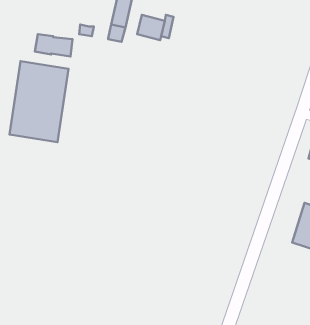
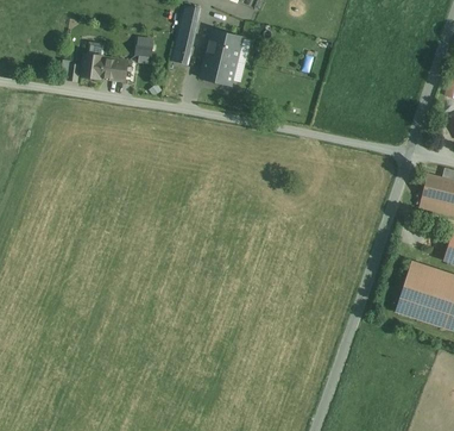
building: none -> [201,54,234,83]
building: [10,61,69,142] -> none

